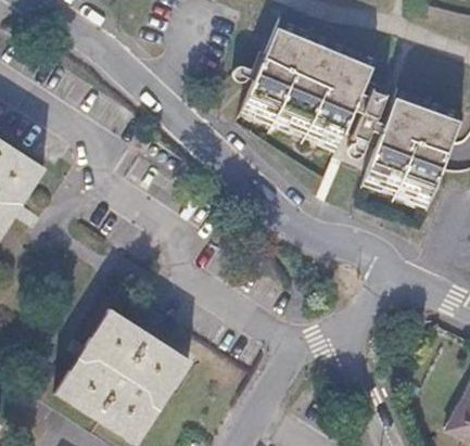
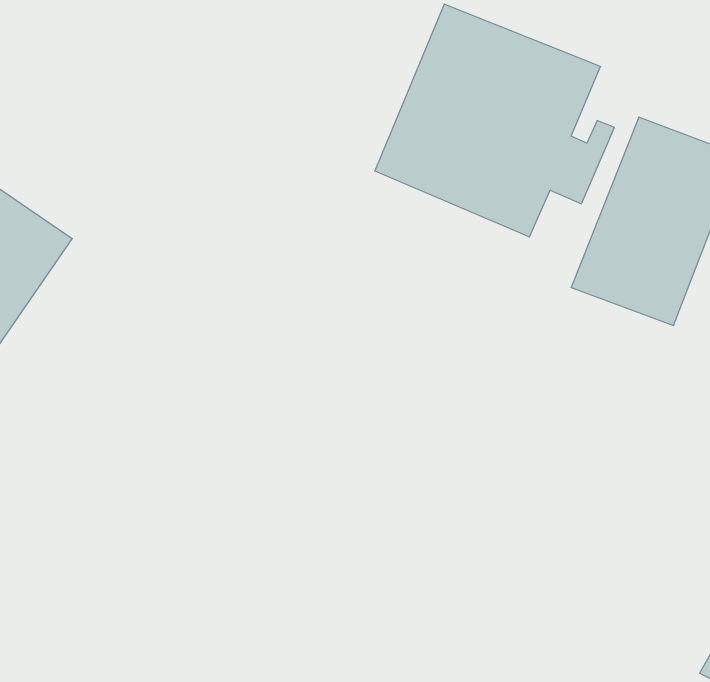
building: [56,300,190,434] -> none

